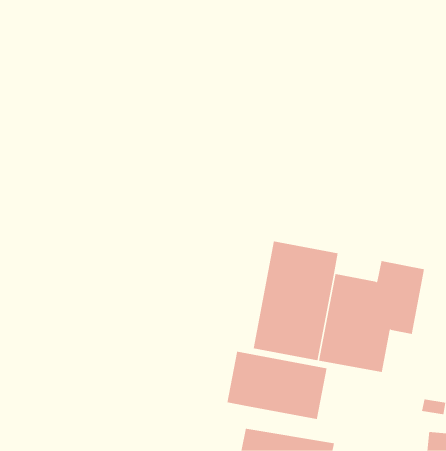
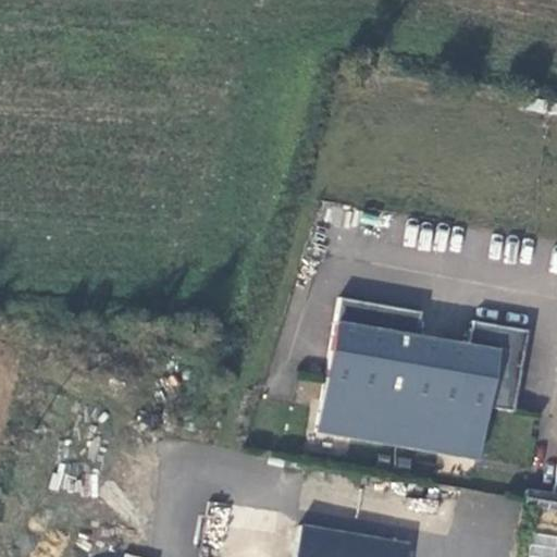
building: [227,351,327,420] -> none

